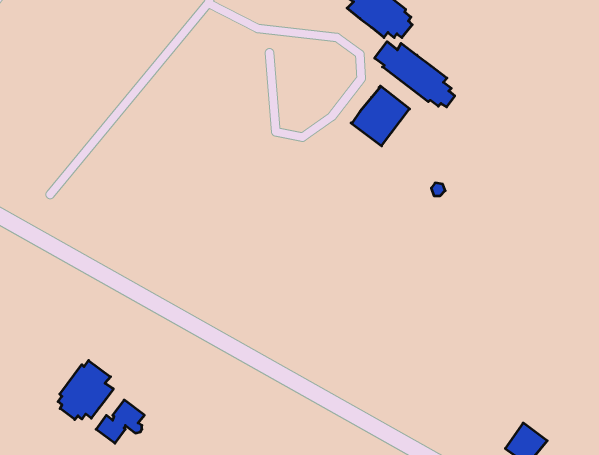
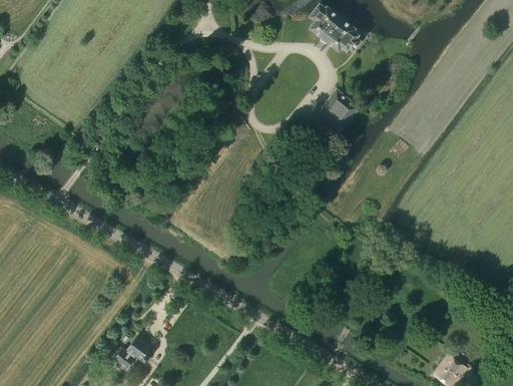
building: [375,42,455,107] -> none
building: [58,360,113,420] -> none

